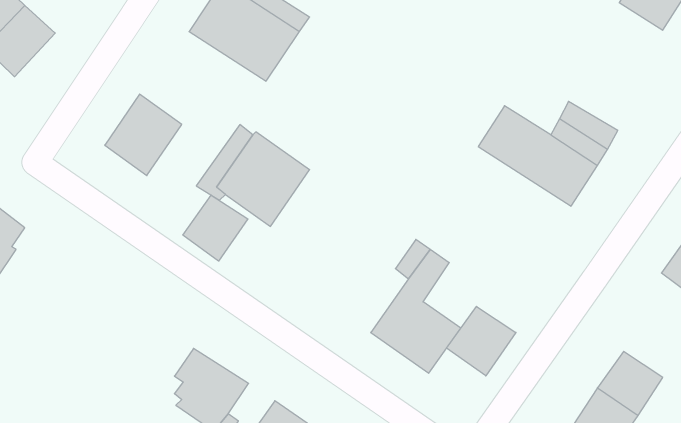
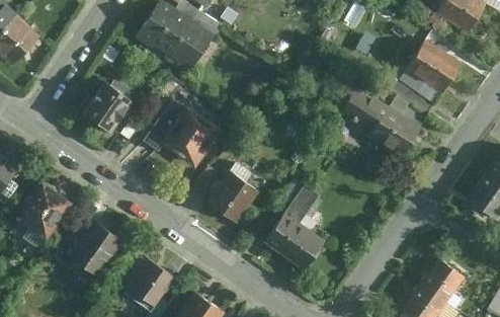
building: none -> [405,38,462,92]
building: [183,195,248,261] -> none
building: none -> [206,170,257,223]
building: none -> [18,182,75,241]
building: none -> [60,219,124,276]
building: [447,306,516,376] -> none

